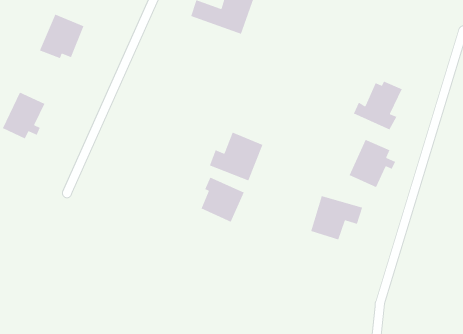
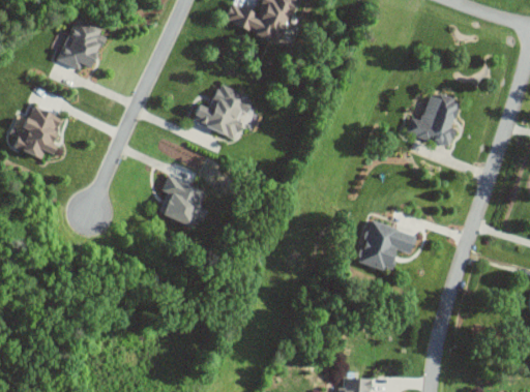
building: [209,131,264,181] -> [193,84,254,140]
building: [349,139,396,188] -> none
building: [200,177,245,223] -> [157,176,207,228]

